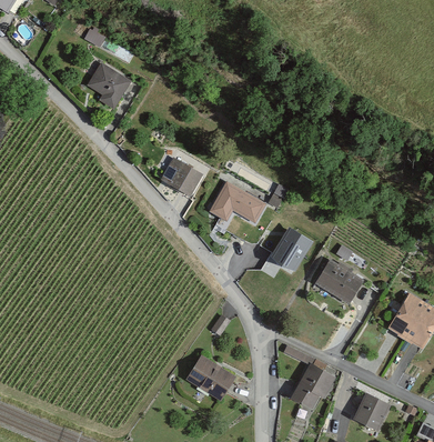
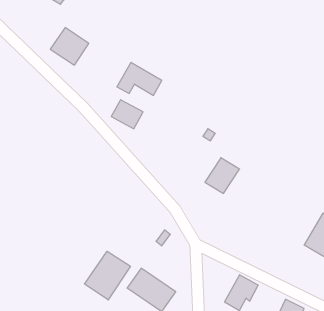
building: [211,180,264,219] -> [117,63,162,95]
building: [312,258,364,309] -> none
building: none -> [85,251,130,300]

